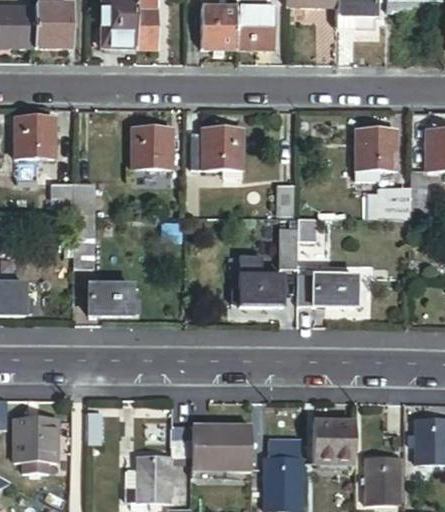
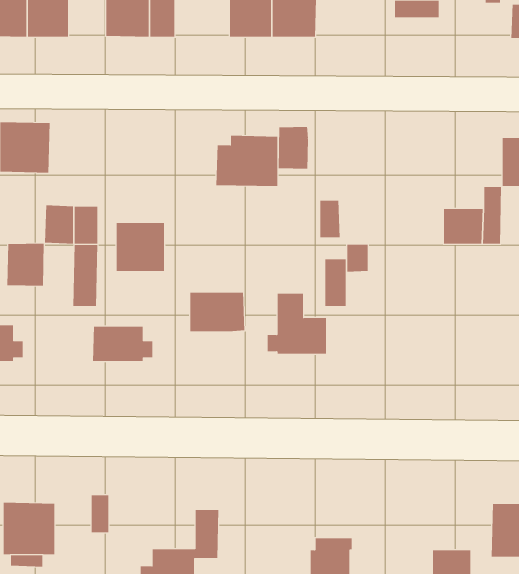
building: none -> [278,126,308,170]
building: [133,125,173,165] -> [116,223,165,272]
building: [356,126,394,176] -> none
building: none -> [7,243,44,287]
building: none -> [190,292,245,332]
building: [298,273,363,303] -> none
building: [317,425,356,469] -> none
building: [193,431,253,476] -> none

